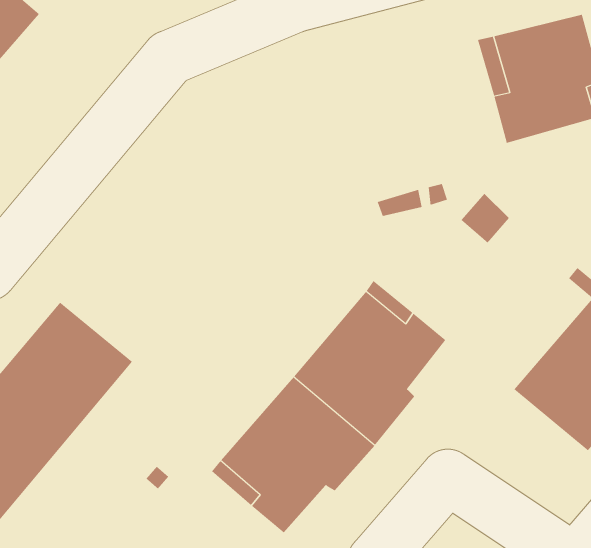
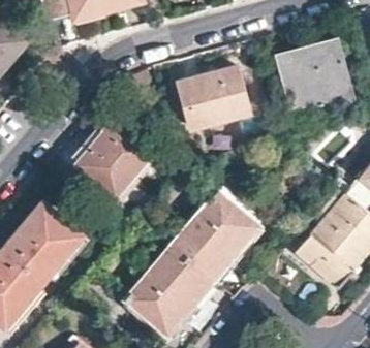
building: none -> [183,69,247,128]
building: none -> [73,117,153,202]

